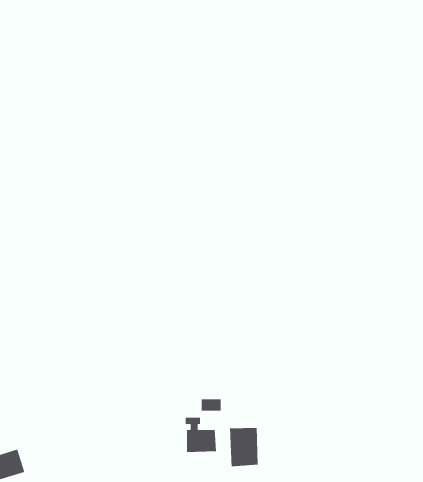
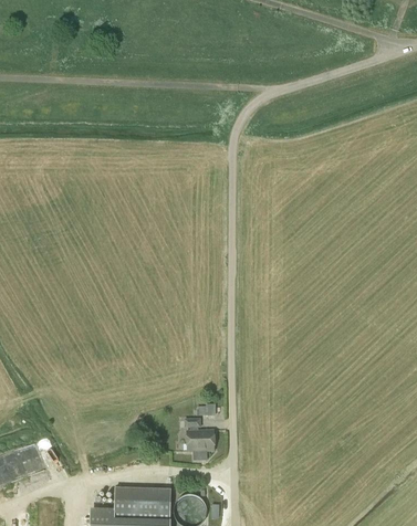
building: [229,427,258,467] -> none

